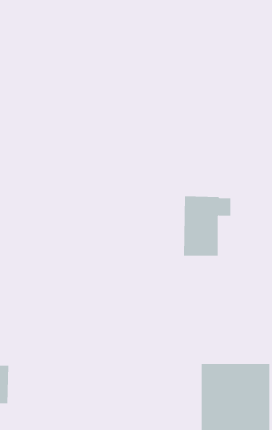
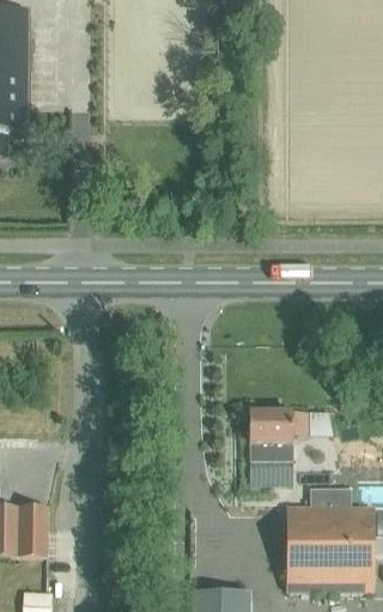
building: [183,196,231,256] -> [249,408,309,484]

